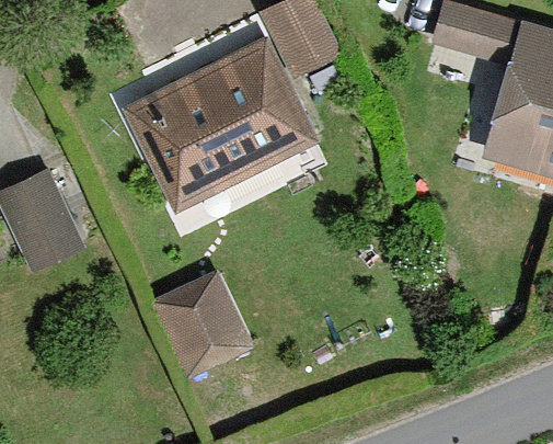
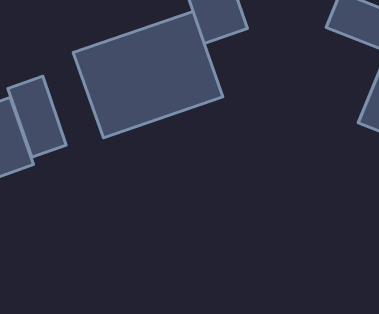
building: none -> [8,76,66,157]
building: [154,272,254,383] -> none

